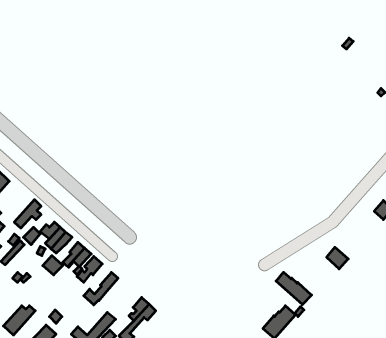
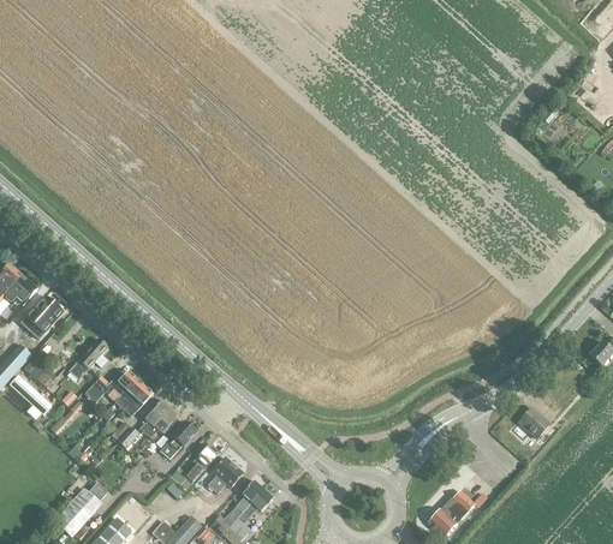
building: [276,272,312,305] -> none
building: none -> [208,456,244,494]

